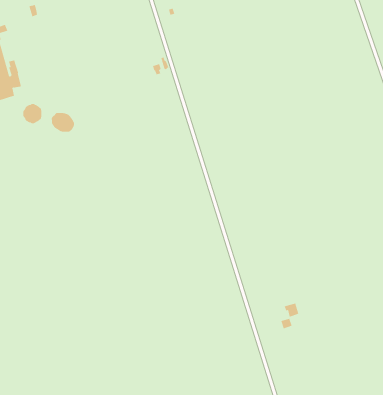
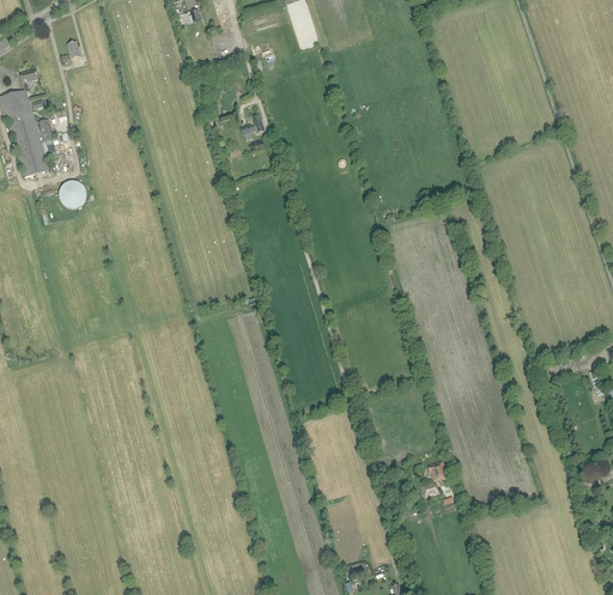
building: [51,112,75,132] -> none

